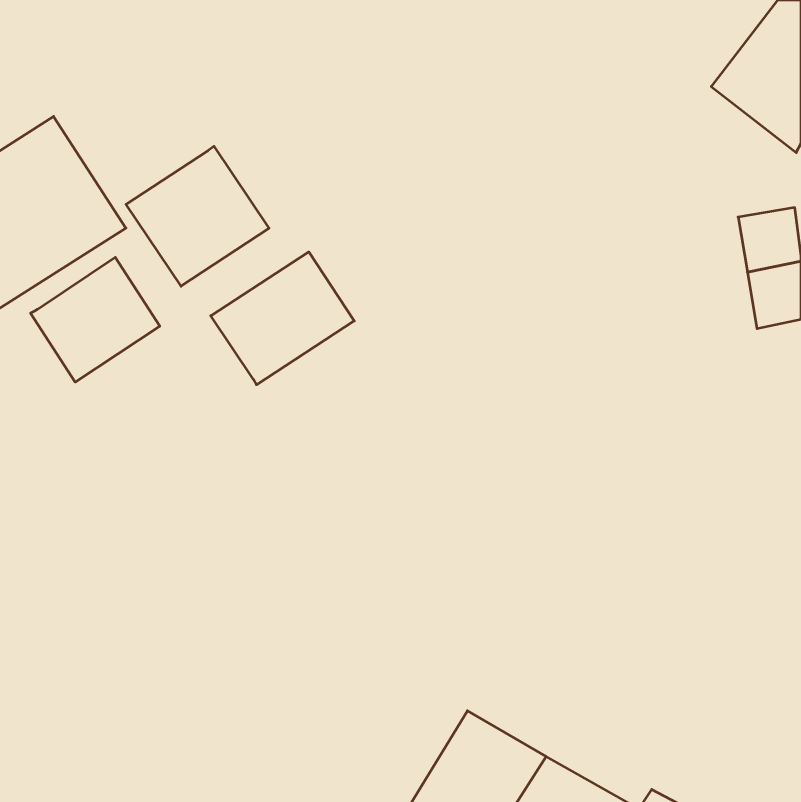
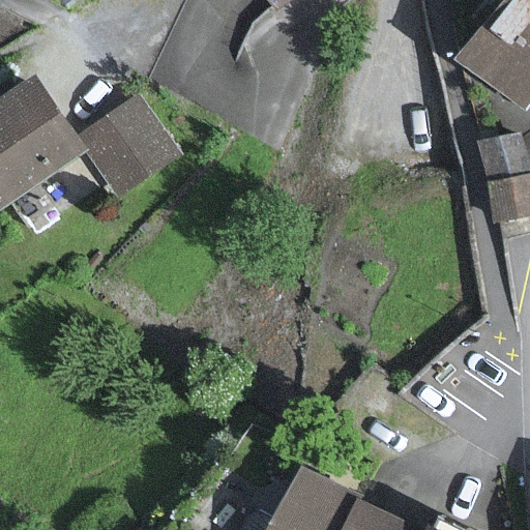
building: [211,252,354,385] -> none
building: [31,257,160,382] -> none

